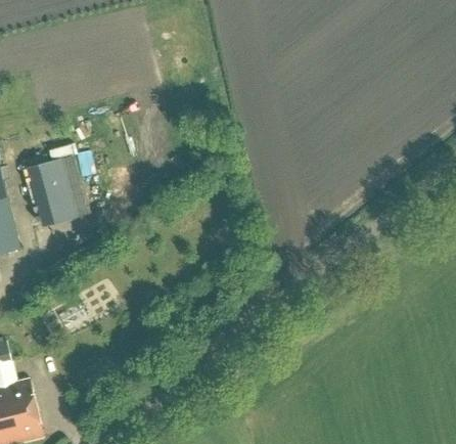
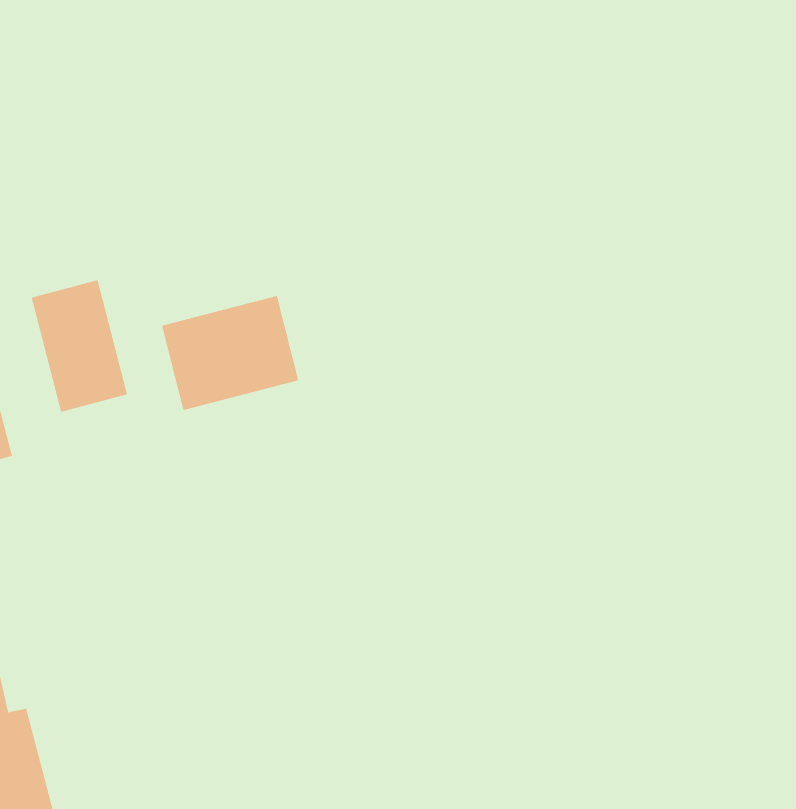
building: none -> [161,295,299,411]

